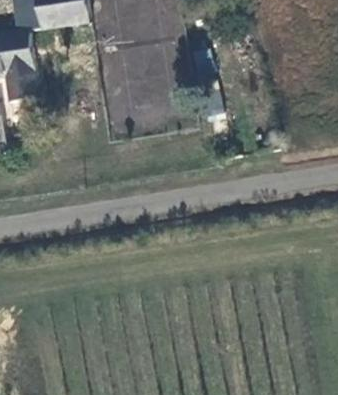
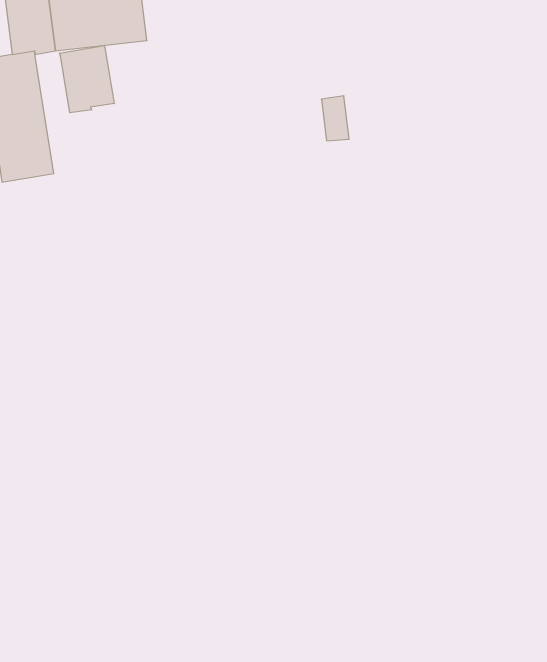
building: none -> [60,45,114,113]

